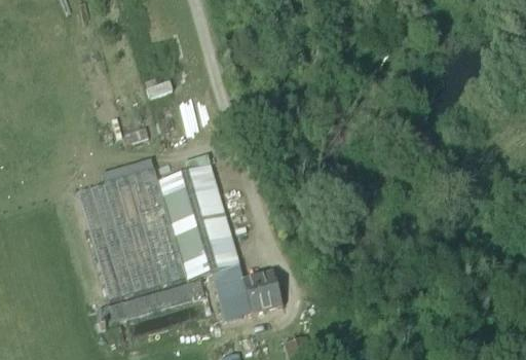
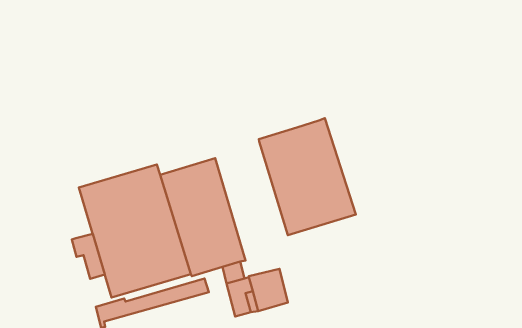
building: none -> [259,118,356,235]
building: none -> [72,234,105,279]

